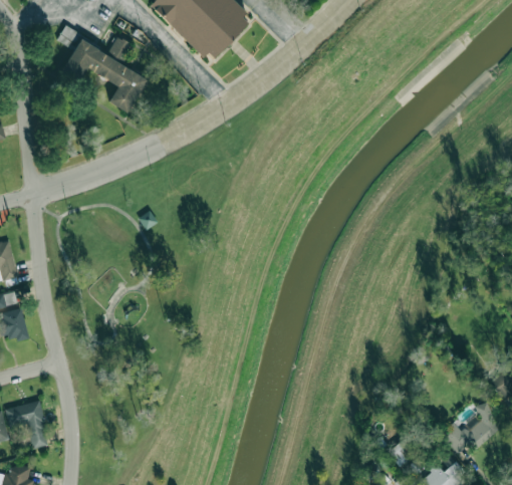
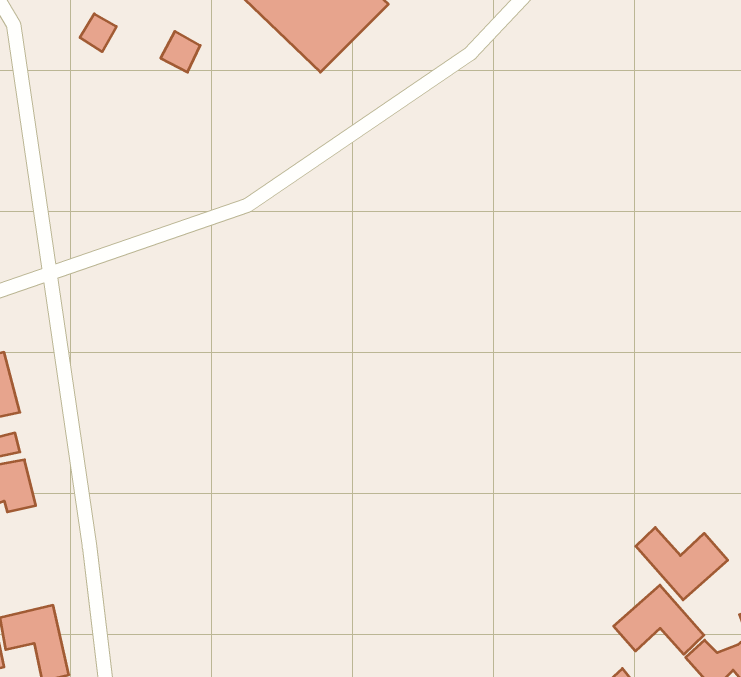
building: [61,39,147,112] -> none
building: none -> [636,527,728,600]
building: none -> [614,585,704,654]

